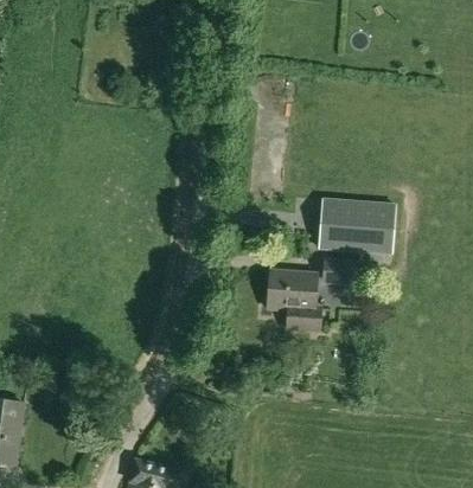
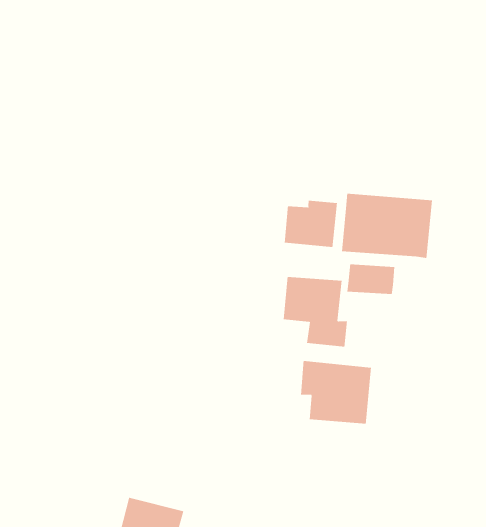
building: none -> [284,200,338,248]
building: none -> [300,360,372,425]

